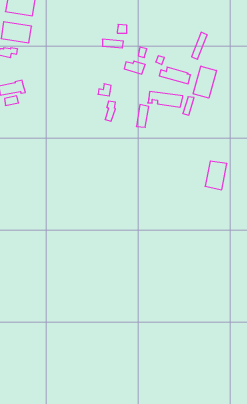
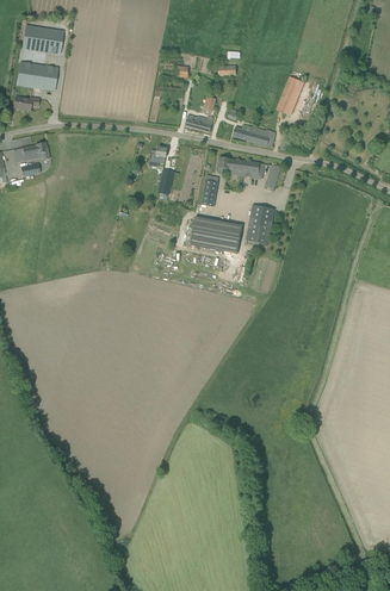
building: [193,66,216,98] -> none
building: none -> [190,217,241,253]
building: [205,161,227,190] -> [244,205,274,244]

